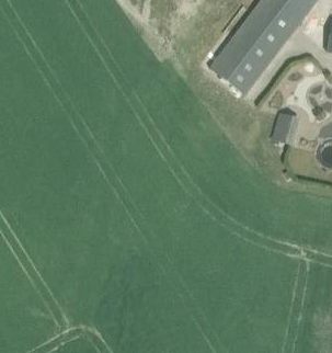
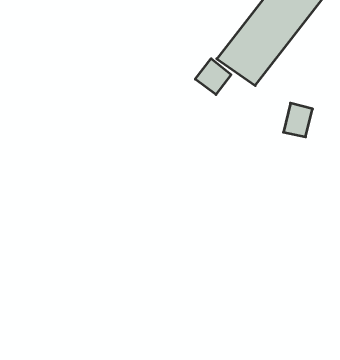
building: none -> [195,59,231,95]

